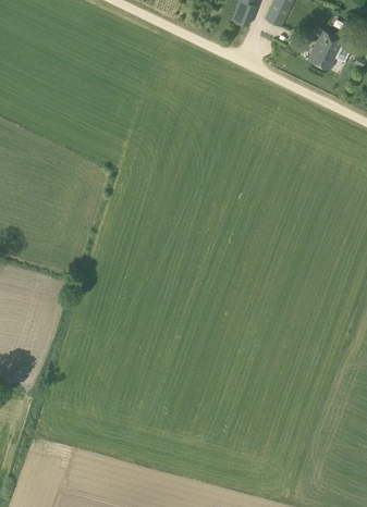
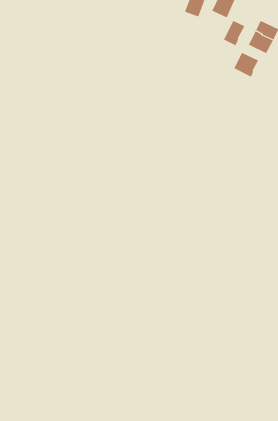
building: none -> [223,20,245,46]
building: none -> [233,52,259,77]

